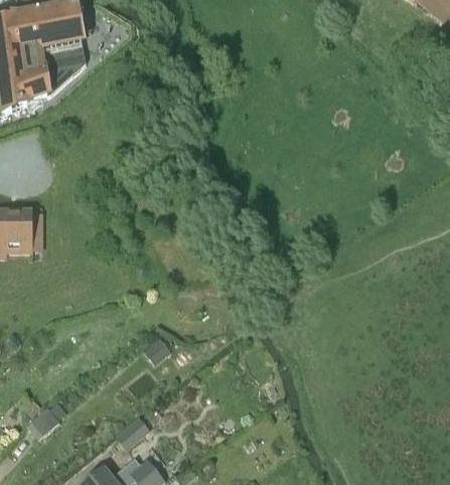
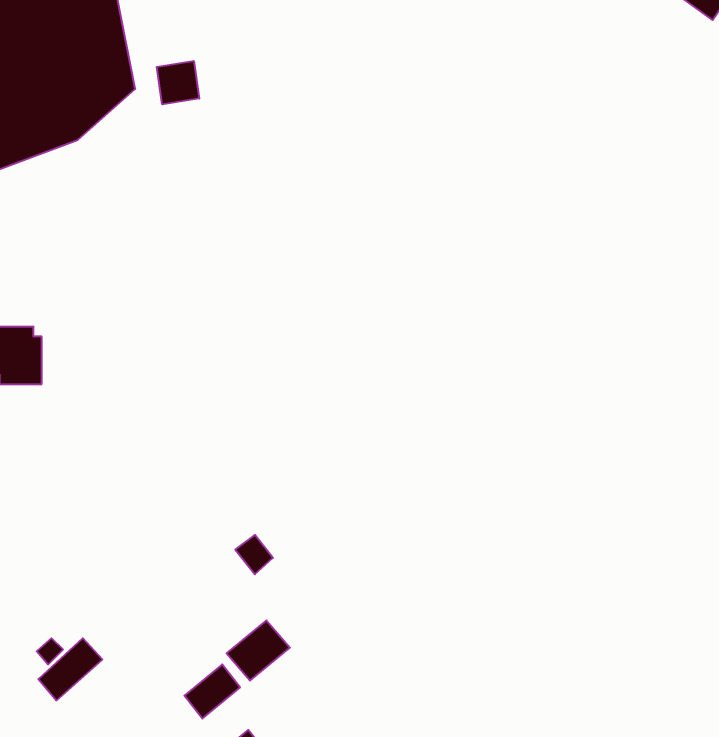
building: none -> [157,61,199,104]
building: none -> [227,620,290,681]

